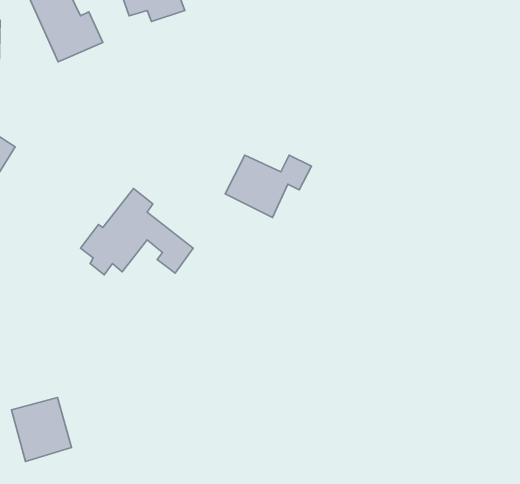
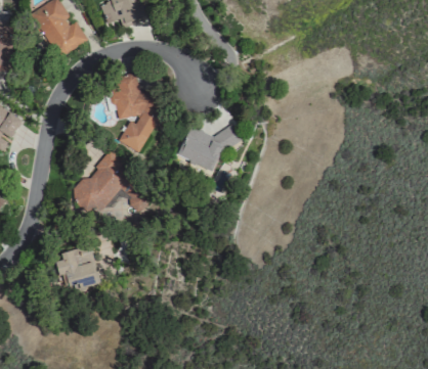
building: none -> [112,76,163,152]
building: [12,397,72,461] -> [53,245,97,292]

